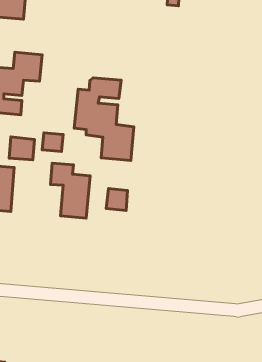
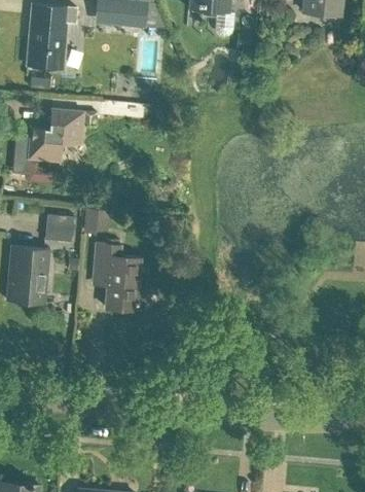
building: [74,78,134,160] -> none
building: [106,189,128,210] -> none

